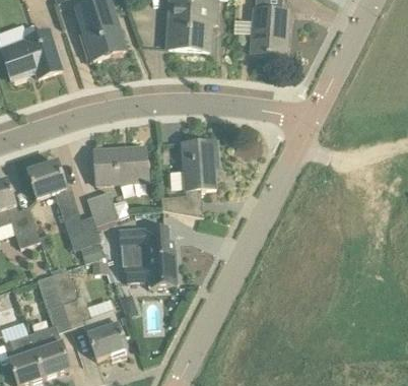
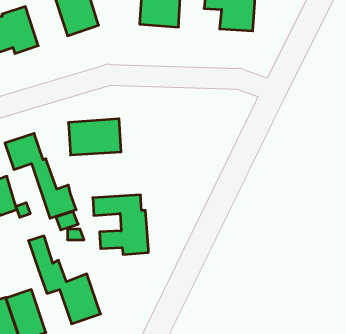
building: [160,140,216,215] -> none
building: [86,189,117,223] -> none
building: [36,272,61,307] -> none

